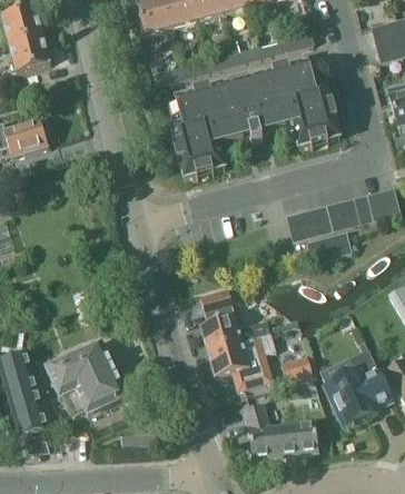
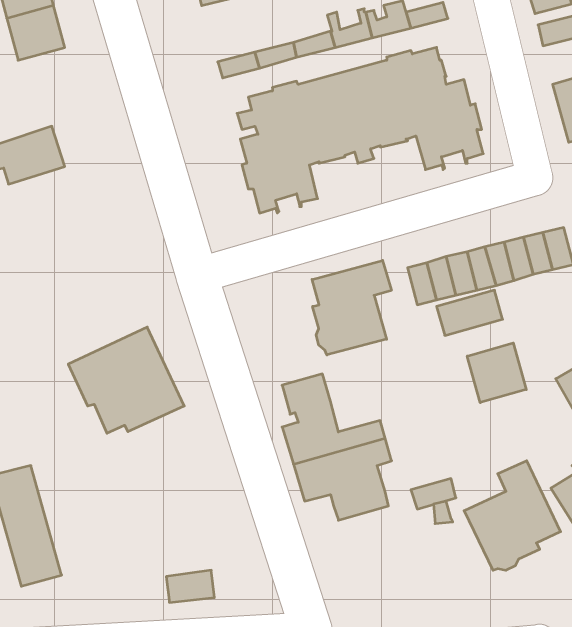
building: none -> [312,260,391,355]
building: none -> [467,343,526,403]
building: [47,342,127,415] -> [68,327,184,433]
building: [244,401,319,458] -> none

